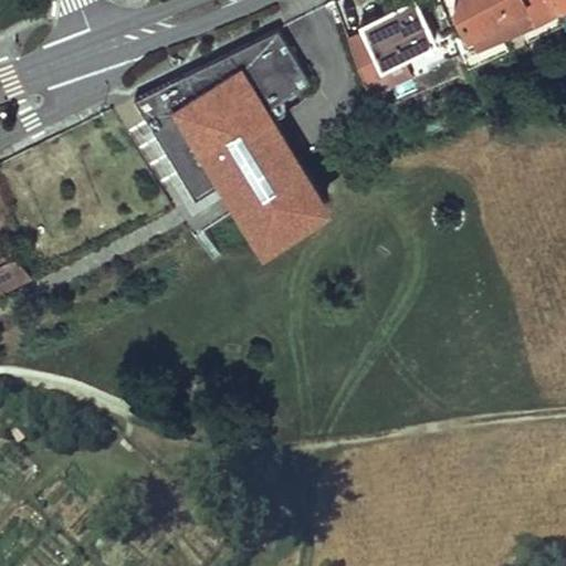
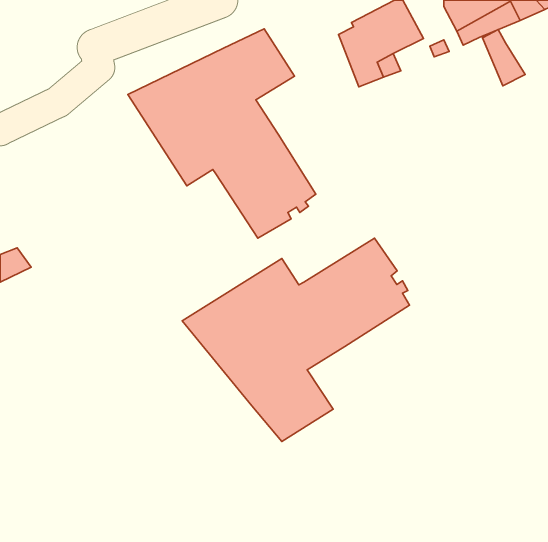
building: none -> [482,30,525,86]
building: none -> [182,238,409,442]

